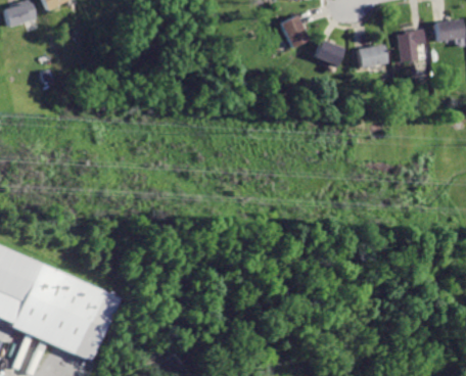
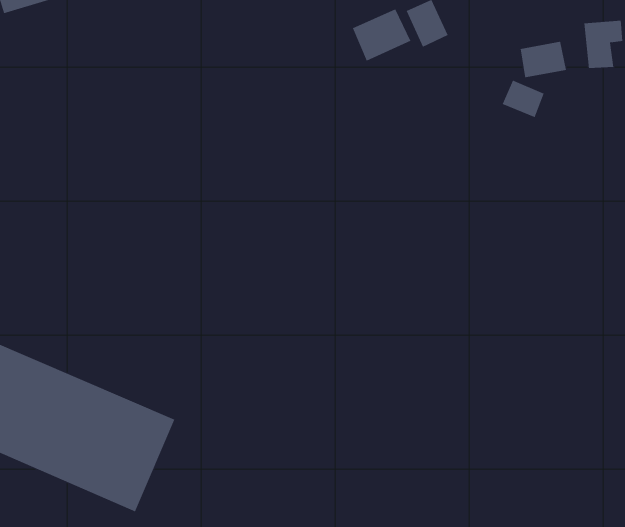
building: none -> [352,8,411,62]
building: [314,40,342,65] -> [502,80,544,118]

